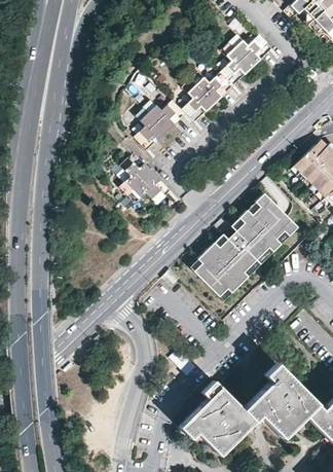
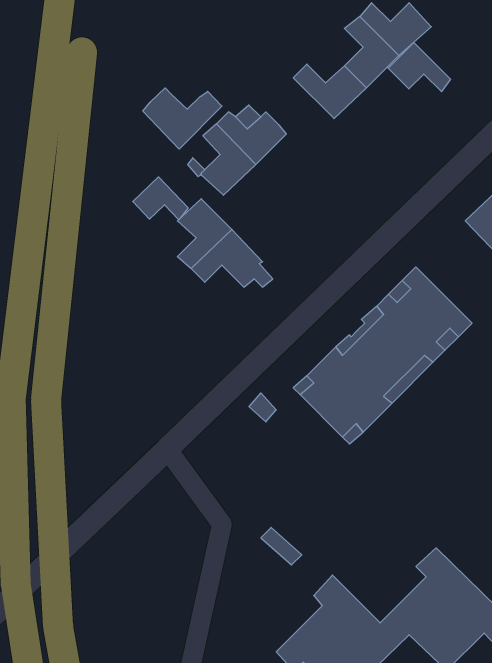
building: none -> [388,42,451,92]
building: [182,79,215,121] -> none
building: none -> [143,88,222,149]
building: none -> [133,177,188,220]

